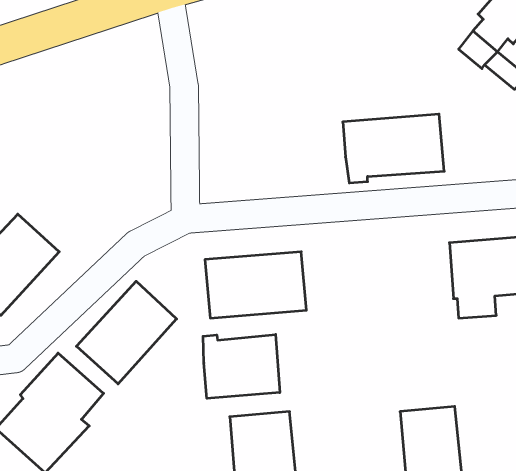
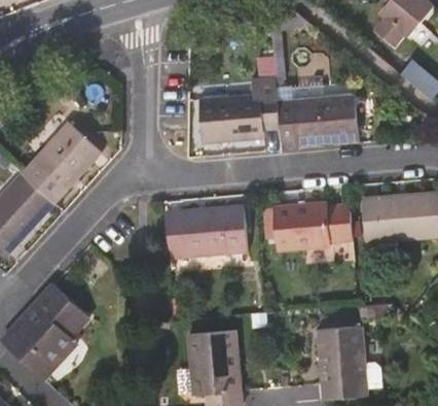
building: none -> [196,79,277,145]
building: none -> [270,204,351,250]
building: [76,281,177,384] -> [17,124,97,205]
building: [203,334,280,398] -> none

